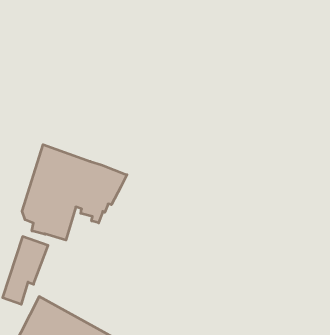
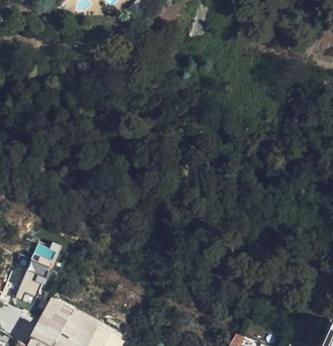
building: [22,145,127,240] -> none

